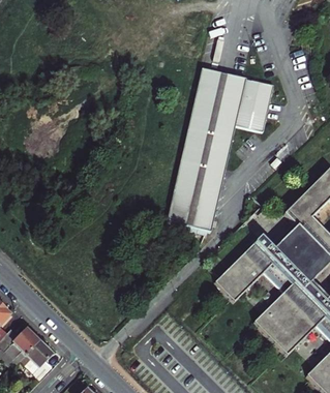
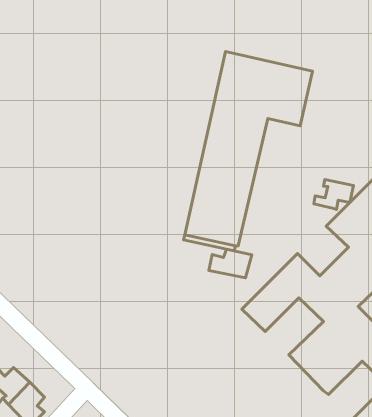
building: none -> [314,180,354,210]
building: none -> [209,249,252,278]

